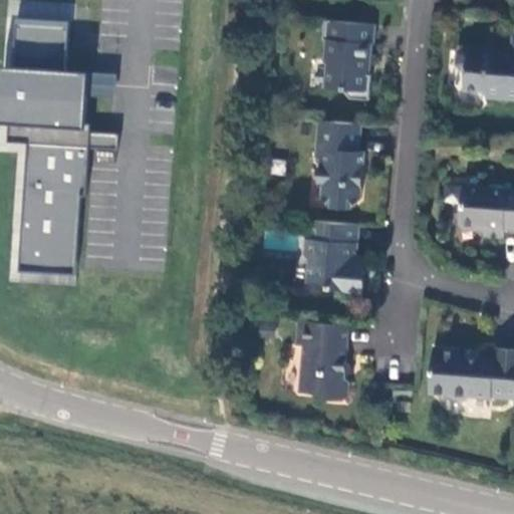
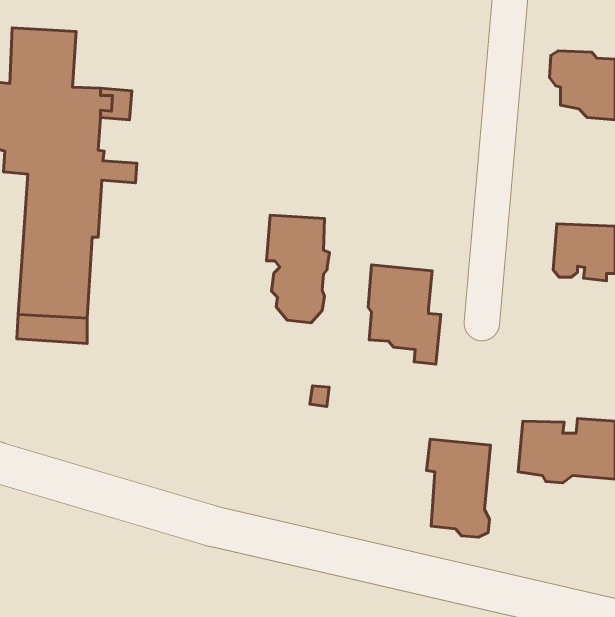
building: [326,21,377,100] -> none
building: [314,120,366,210] -> [266,215,329,323]
building: [295,318,348,400] -> [426,439,491,537]

